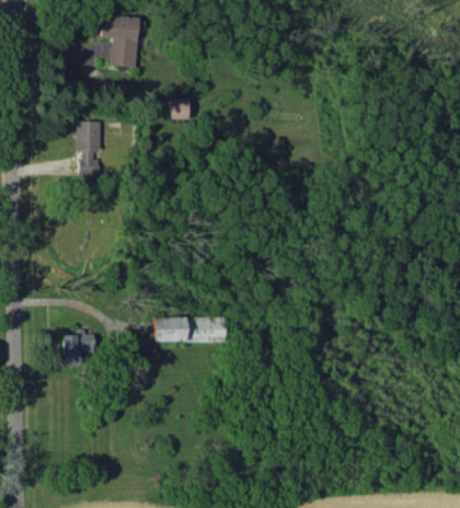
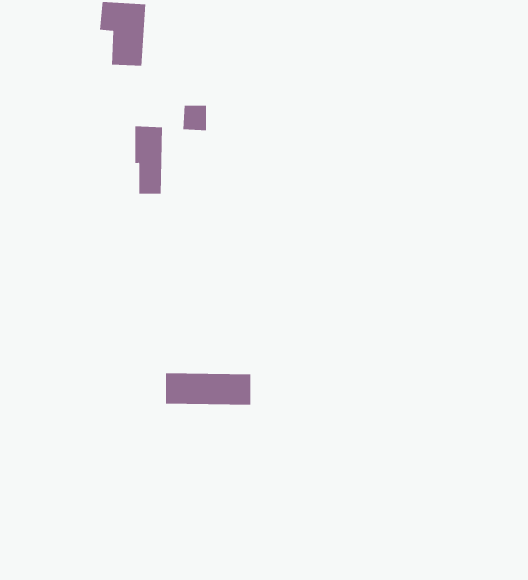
building: [77,120,100,176] -> [134,126,163,194]
building: [60,333,96,366] -> none

